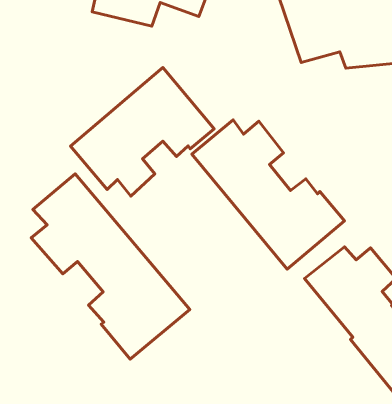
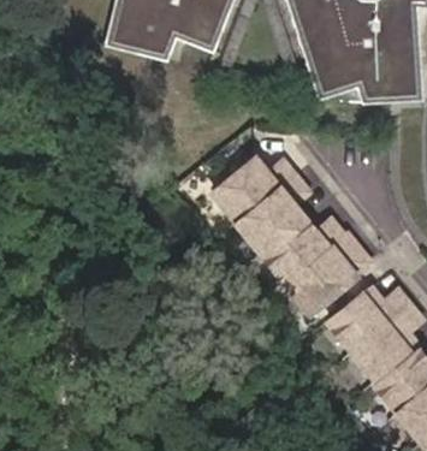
building: [70,68,214,196] -> none
building: [31,174,190,359] -> none

